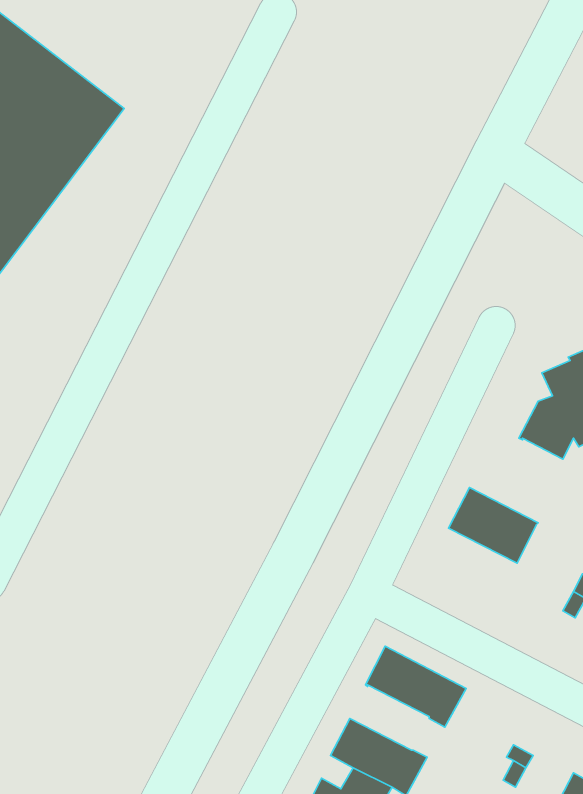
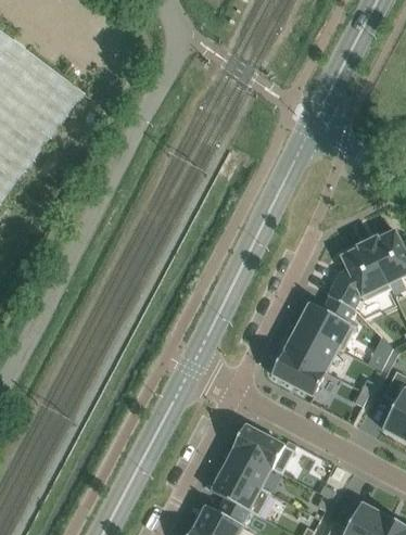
building: none -> [296,296,355,352]
building: none -> [271,351,326,397]
building: none -> [223,448,271,488]

